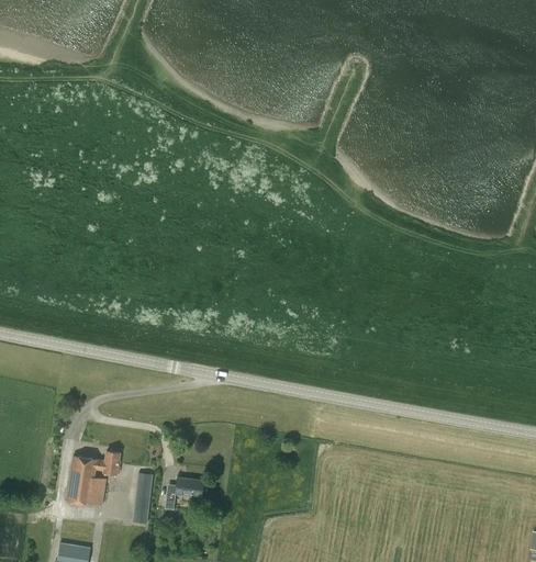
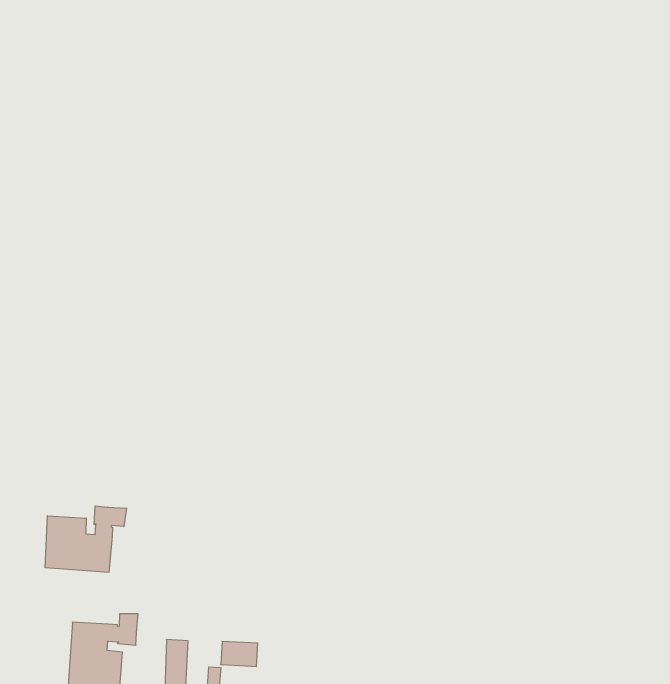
building: none -> [45,506,126,572]

